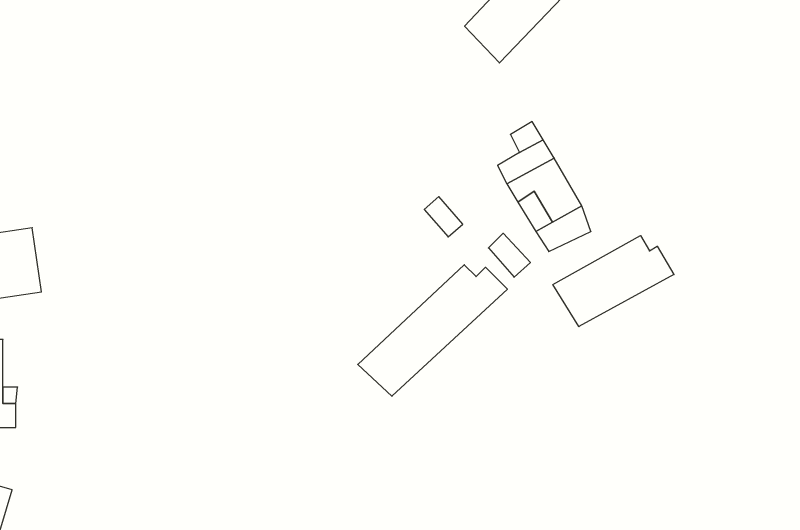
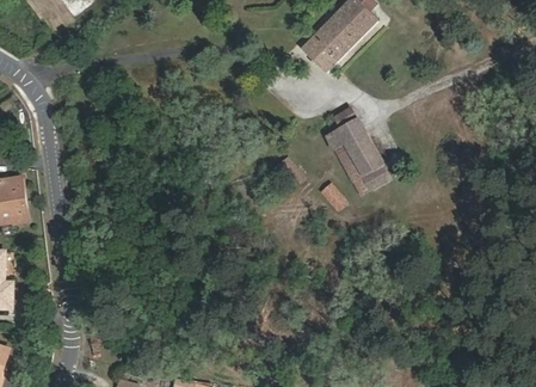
building: [553,236,674,327] -> none
building: [358,265,507,396] -> none

